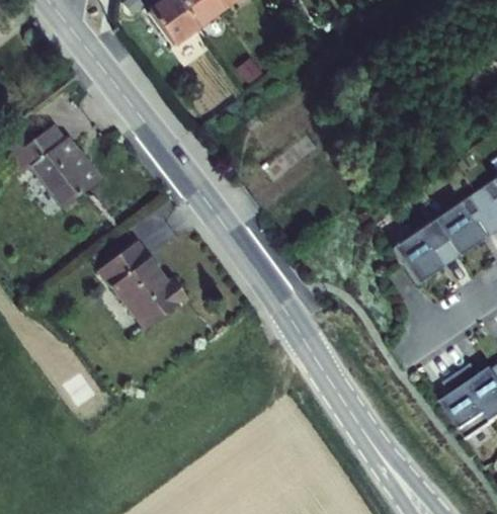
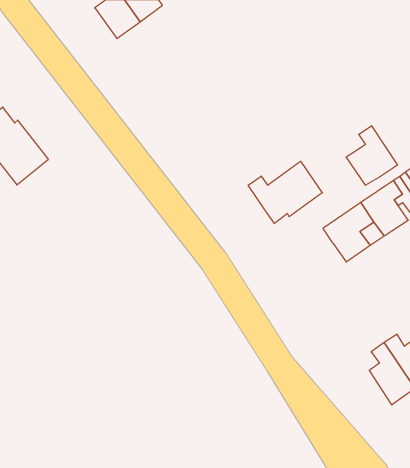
building: none -> [346,126,397,185]
building: none -> [248,161,322,223]
building: [95,232,182,320] -> none

